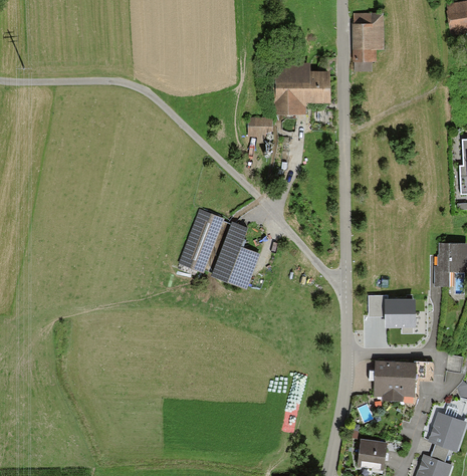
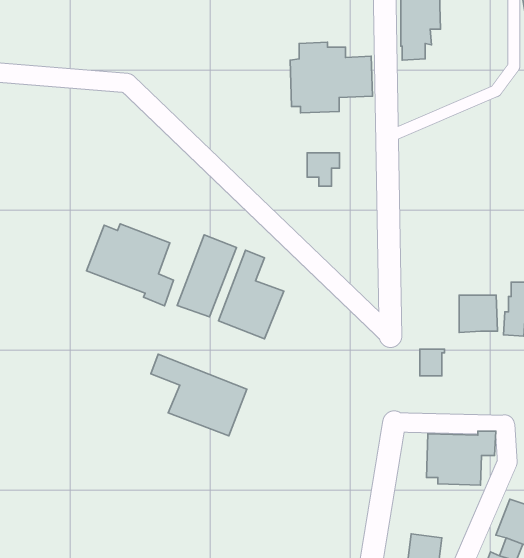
building: [248,115,273,142] -> [307,153,339,186]
building: none -> [87,224,174,306]
building: [386,299,416,328] -> [459,295,498,332]
building: none -> [151,354,247,436]

